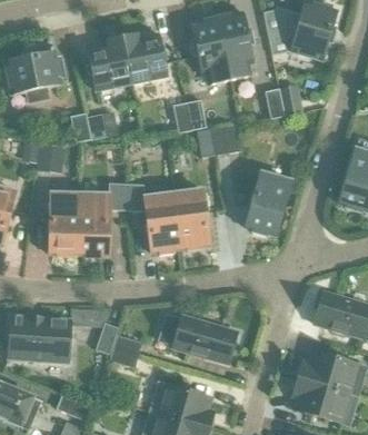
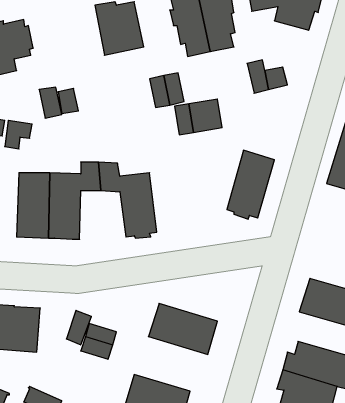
building: [87,36,131,89] -> none
building: [173,188,210,248] -> none

